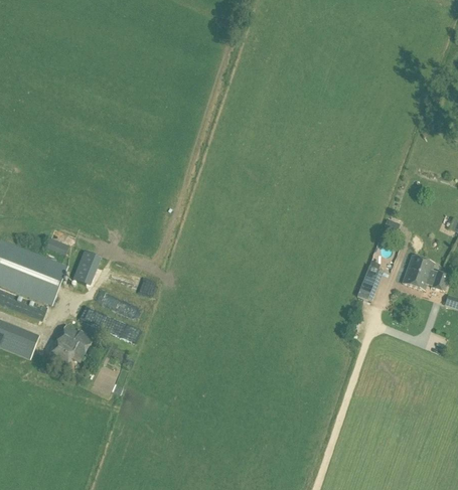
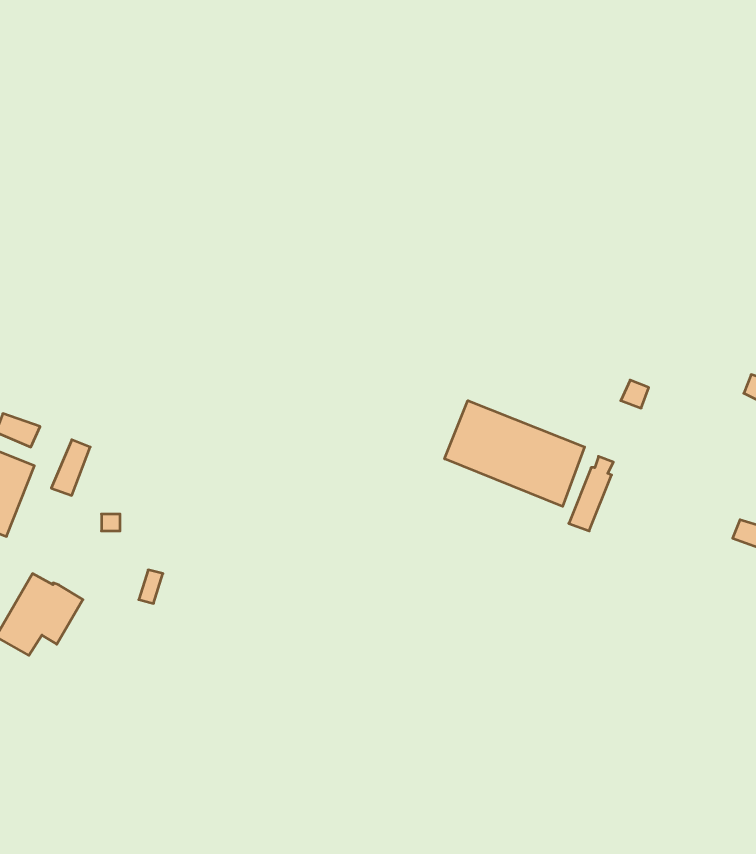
building: none -> [445,401,585,506]
building: [402,255,449,291] -> none

